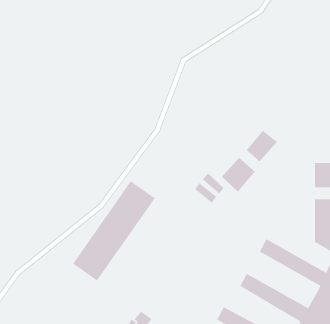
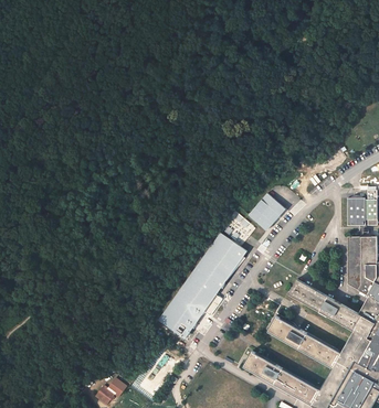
building: [246,130,278,162] -> none
building: [72,180,156,282] -> [158,232,246,339]

